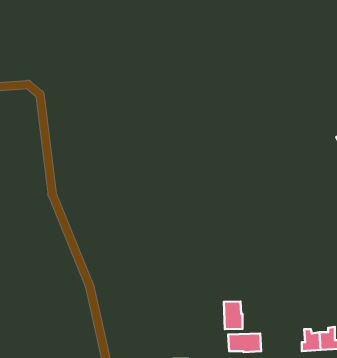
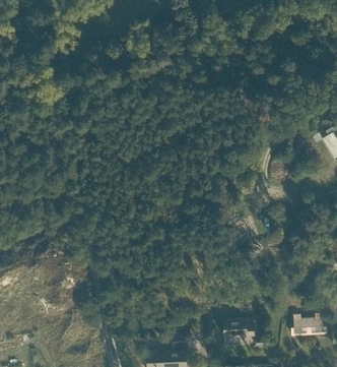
building: [224,302,242,329] -> none

